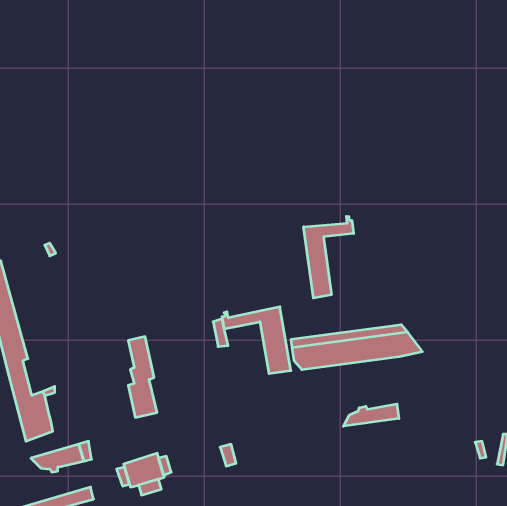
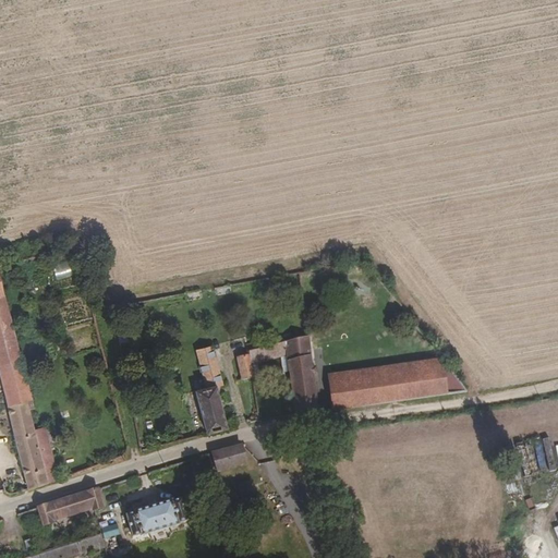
building: [304,216,354,298] -> none
building: [128,337,157,417] -> [195,342,227,430]
building: none -> [214,445,244,469]
building: [343,404,399,426] -> none

